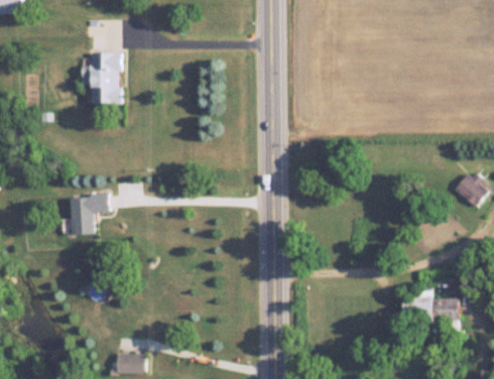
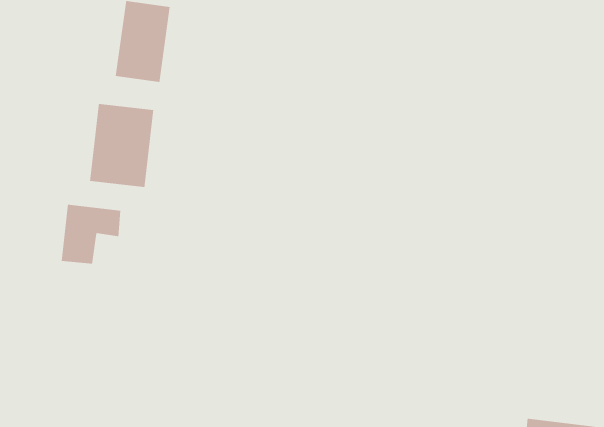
building: none -> [90,103,154,188]

